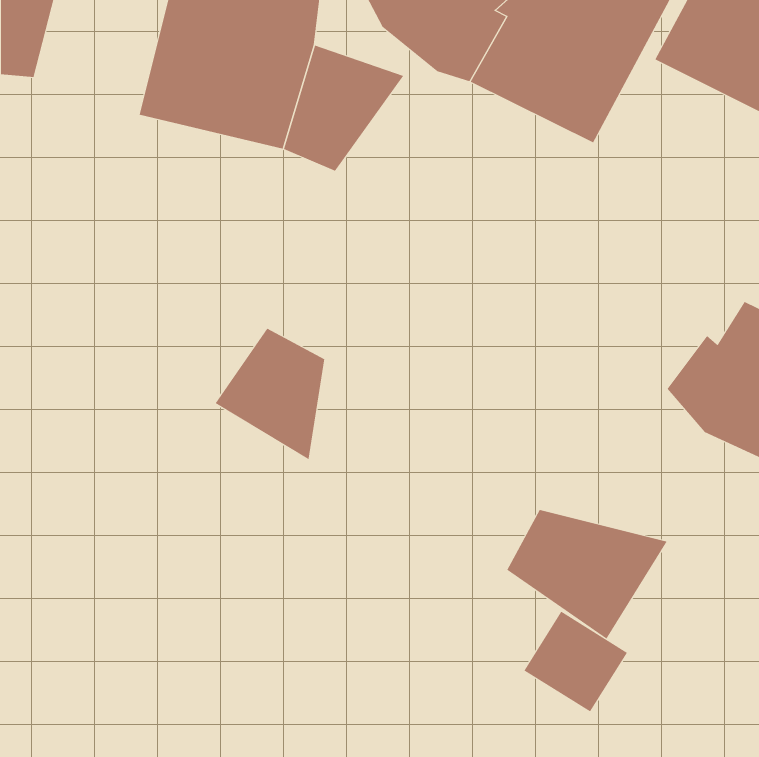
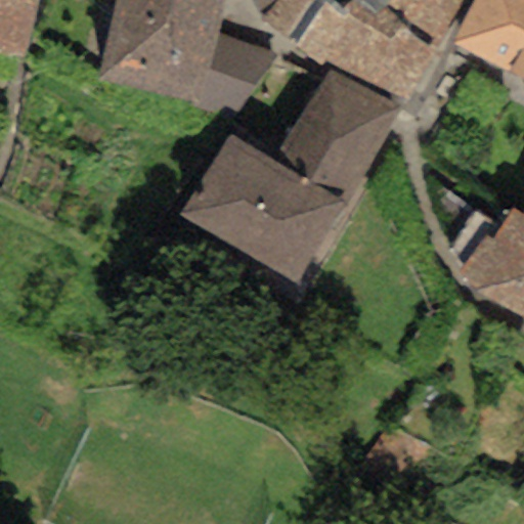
building: none -> [181,68,399,281]
building: [215,328,325,460] -> none
building: [507,509,668,639] -> none

